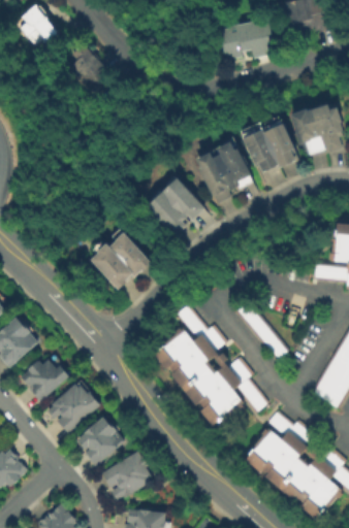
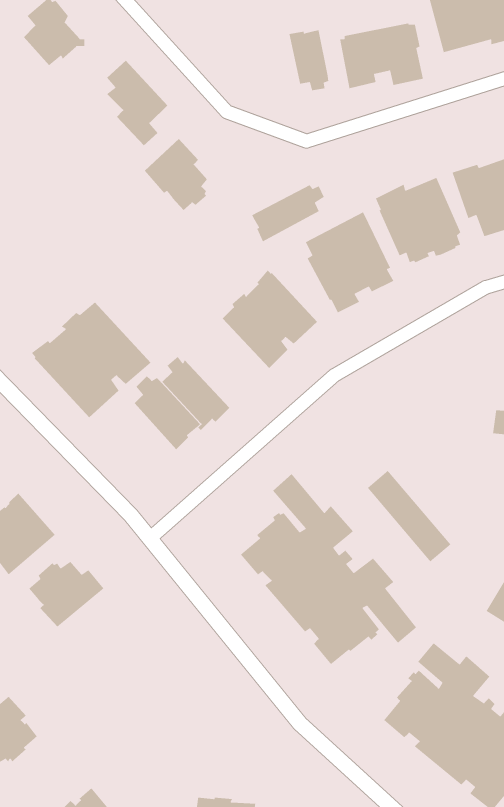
building: none -> [288,30,329,91]
building: none -> [144,138,208,211]
building: none -> [251,184,325,243]
building: none -> [31,301,151,418]
building: [49,383,101,433] -> none
building: [76,417,126,466] -> none
building: [102,451,152,499] -> none

